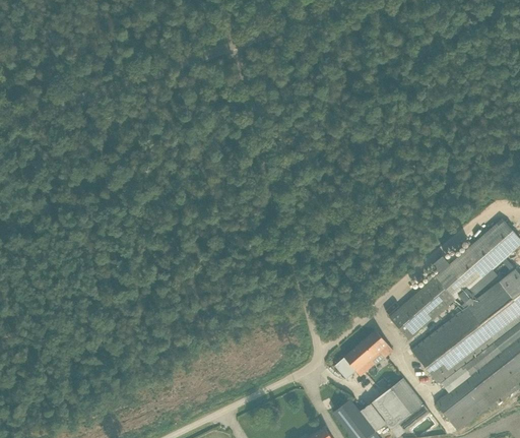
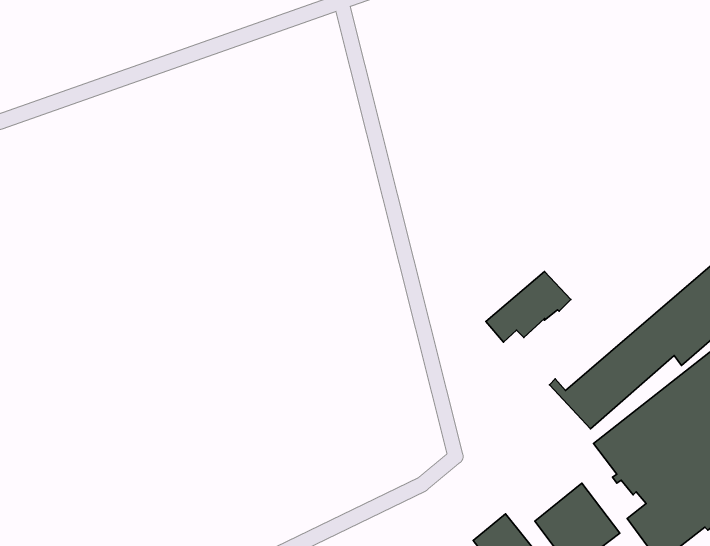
building: [334,329,393,378] -> [486,272,571,342]

